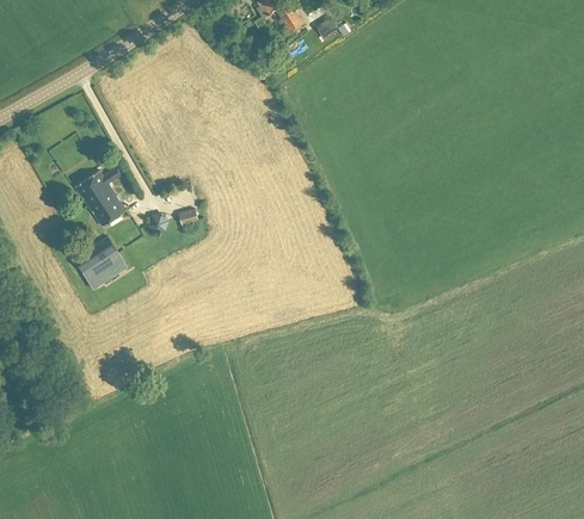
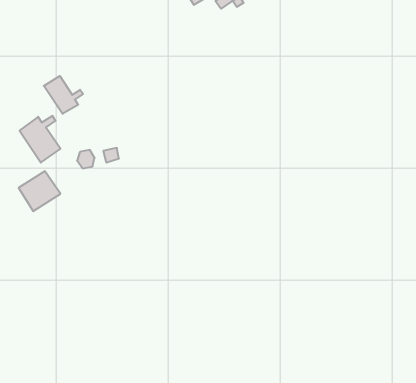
building: none -> [44,76,83,114]

